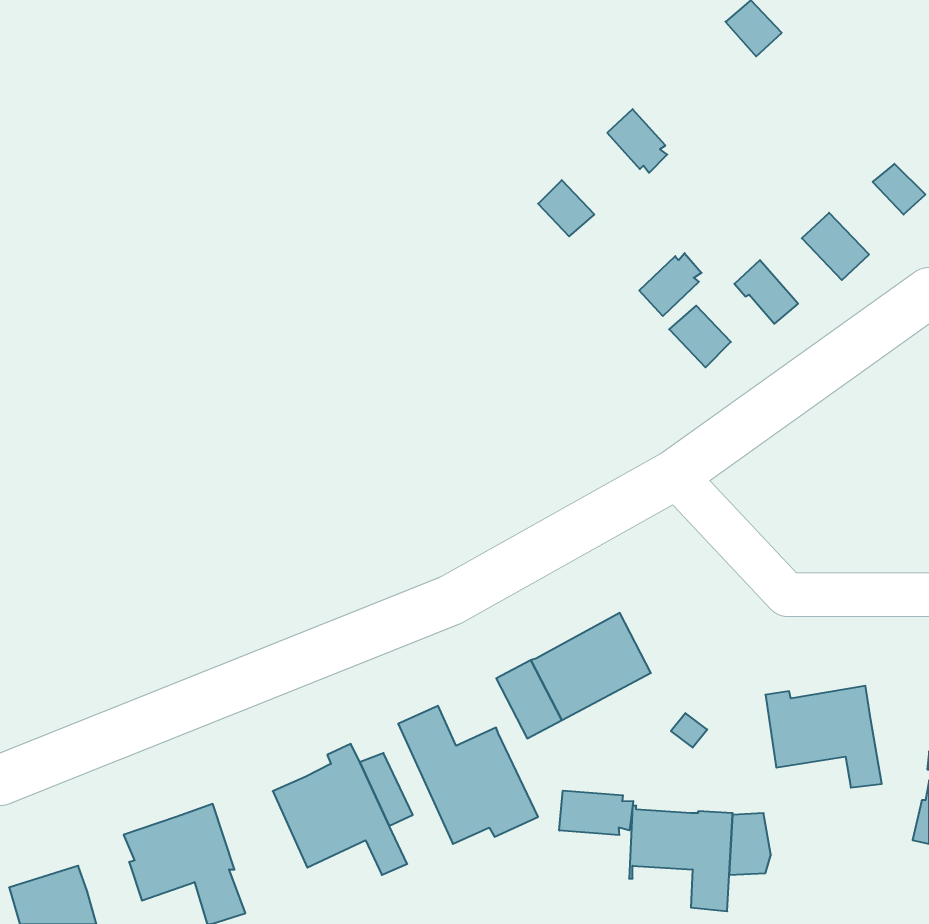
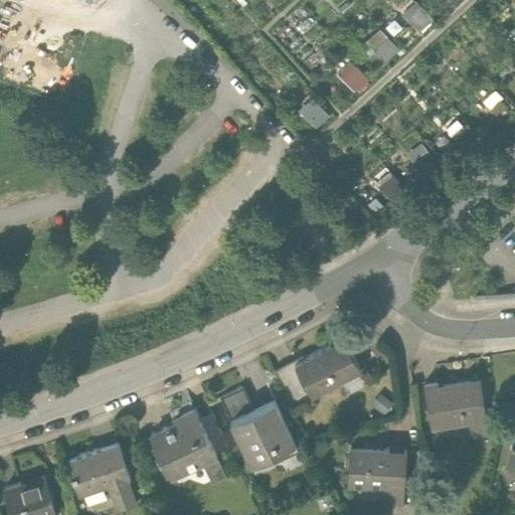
building: none -> [365,28,399,63]
building: [639,253,702,316] -> none
building: [559,791,633,835] -> none

